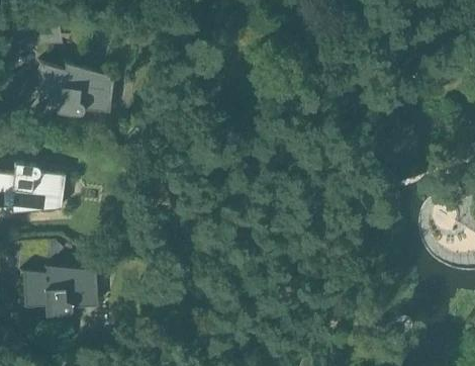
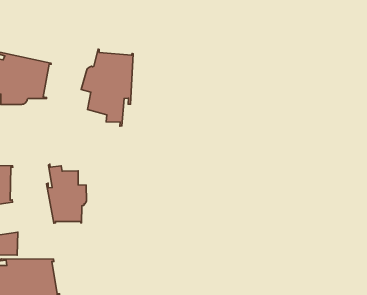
building: none -> [81,49,133,126]
building: none -> [46,164,86,223]

